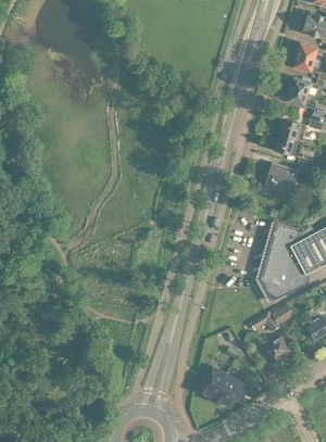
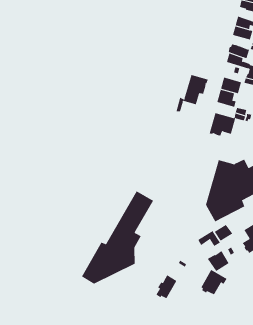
building: none -> [176,74,209,113]
building: none -> [81,190,154,285]
building: [212,374,246,406] -> [200,269,227,295]

